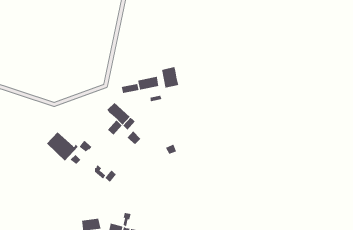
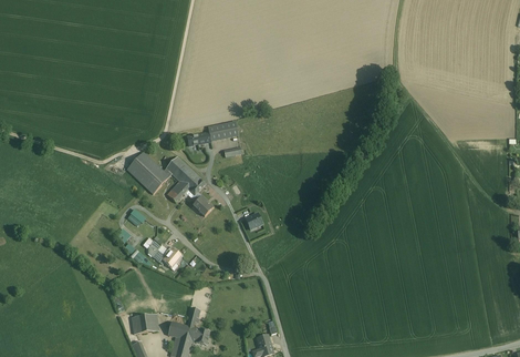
building: [161,66,179,88] -> none
building: [46,131,79,161] -> [126,152,170,193]

